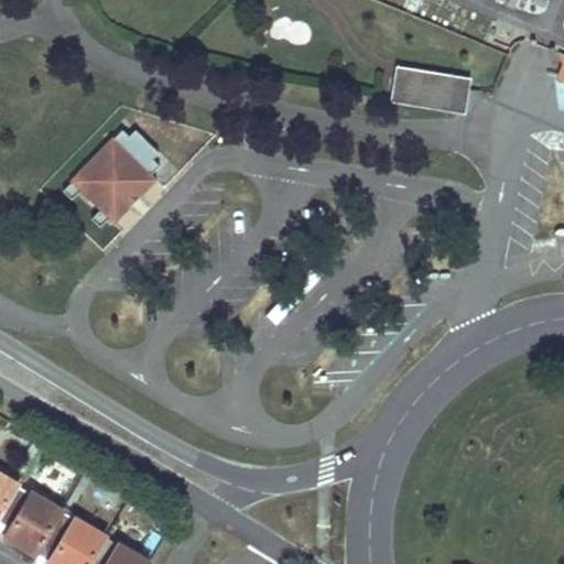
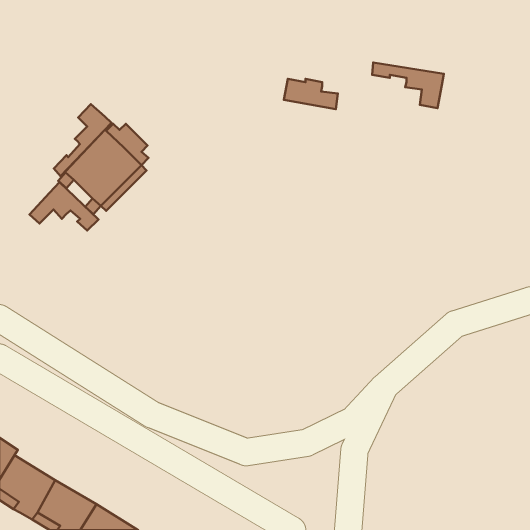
building: [390,79,447,111] -> [284,79,338,109]
building: none -> [54,104,112,176]
building: none -> [29,182,99,230]

